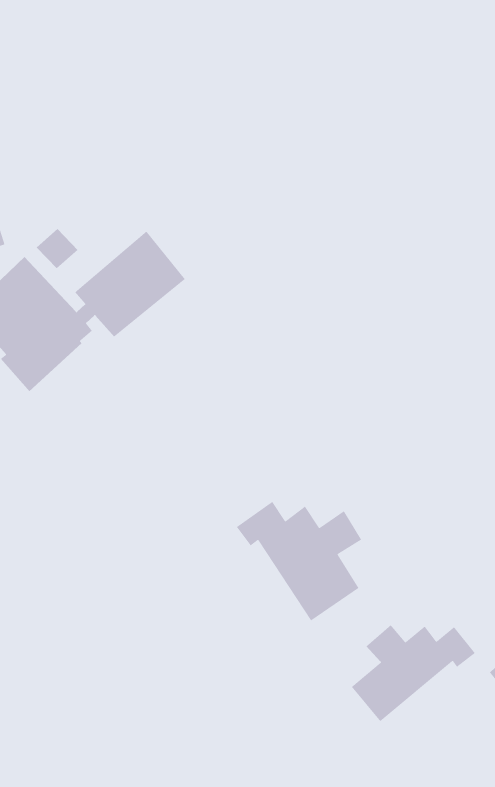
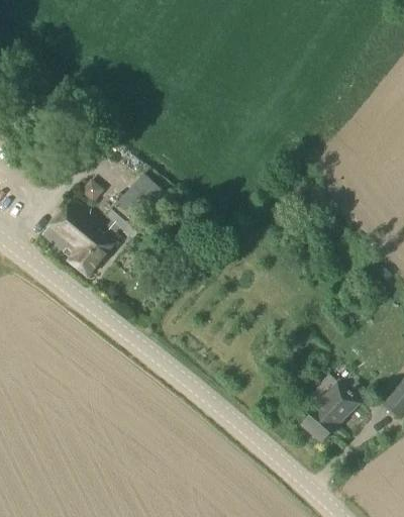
building: [236,501,362,622] -> none

